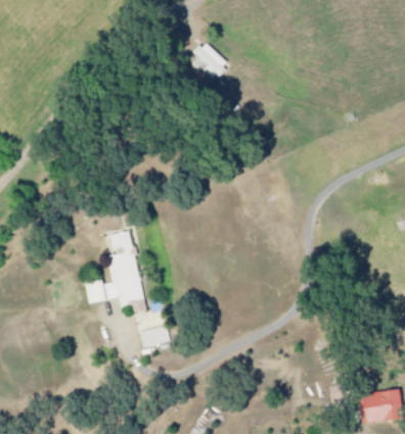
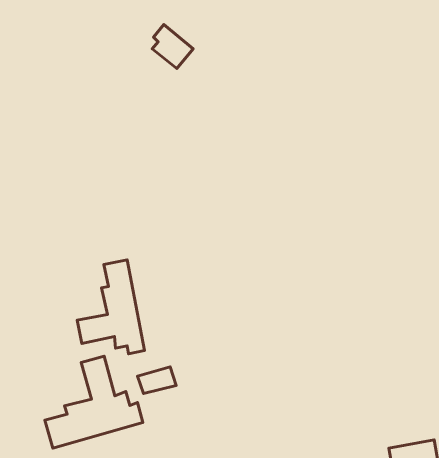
building: [194,41,230,80] -> [152,24,193,69]
building: none -> [45,356,143,448]

